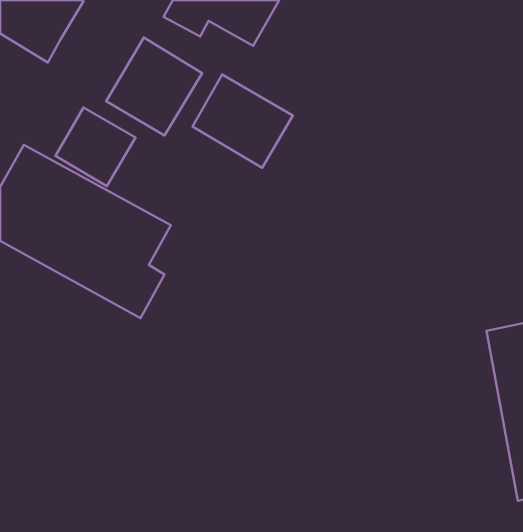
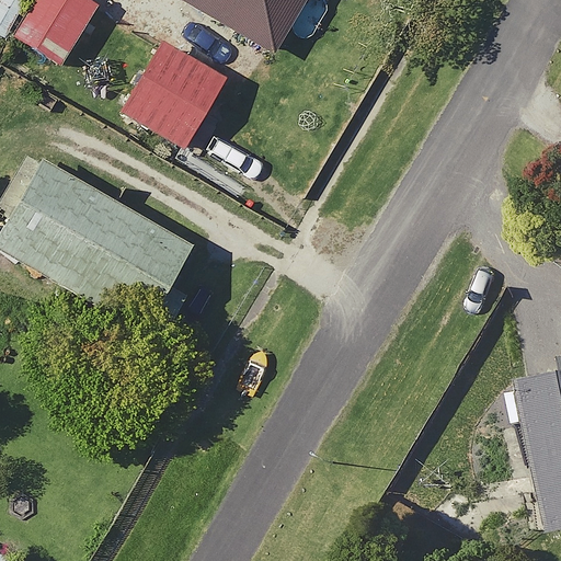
building: [192,75,293,168] -> none
building: [55,107,136,186] -> none

